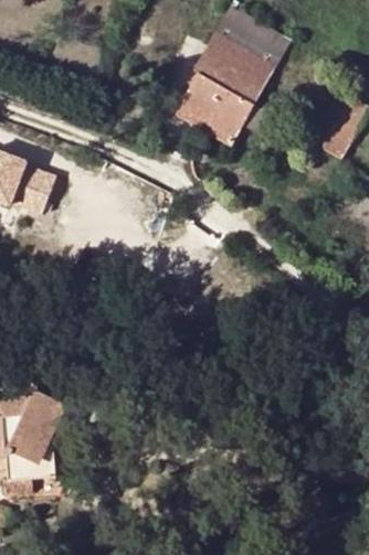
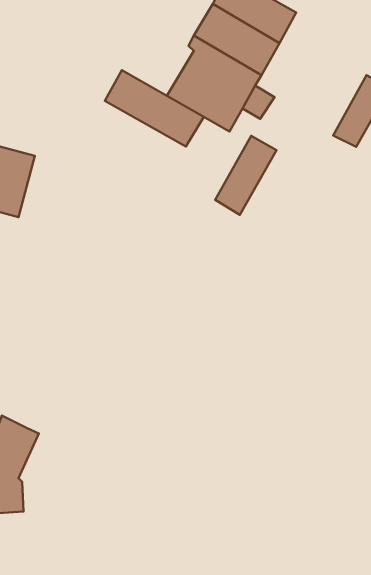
building: none -> [105,70,204,146]
building: none -> [215,136,277,215]

